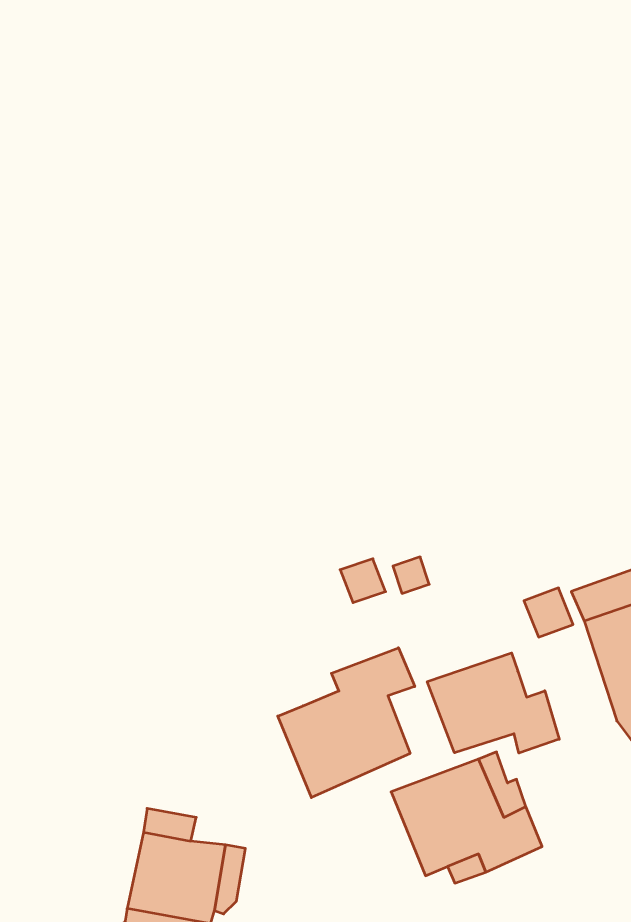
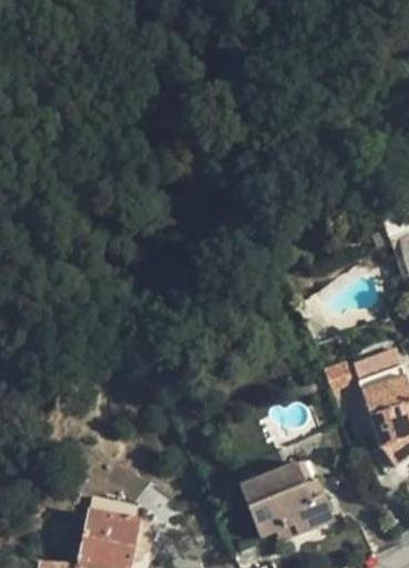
building: [278,648,415,798] -> none
building: [427,653,559,753] -> none

